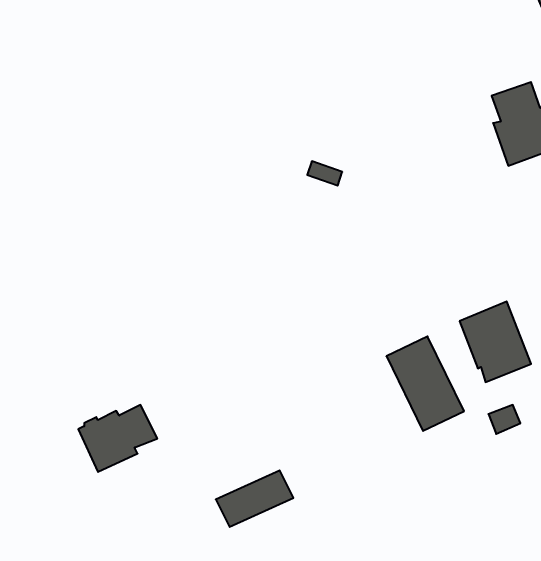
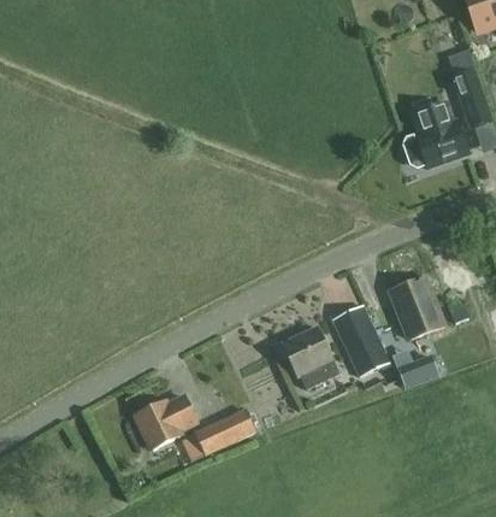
building: none -> [281,325,338,388]
building: [78,405,157,472] -> [134,395,196,448]

